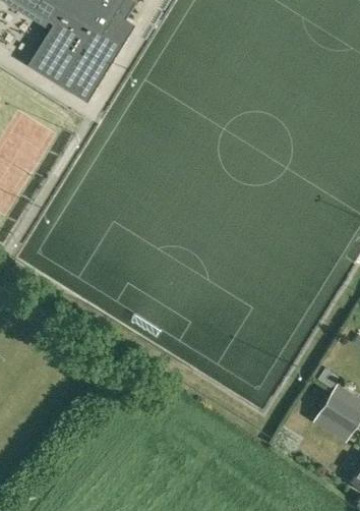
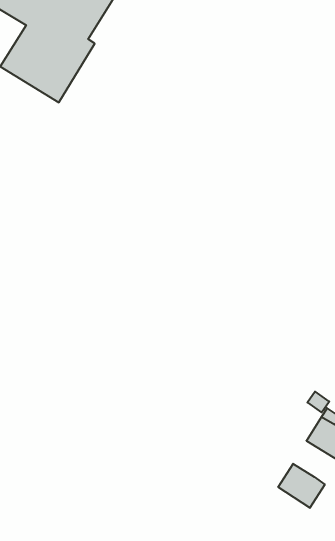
building: none -> [278,464,325,508]

